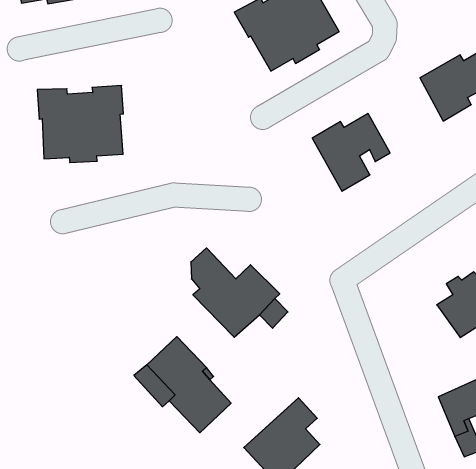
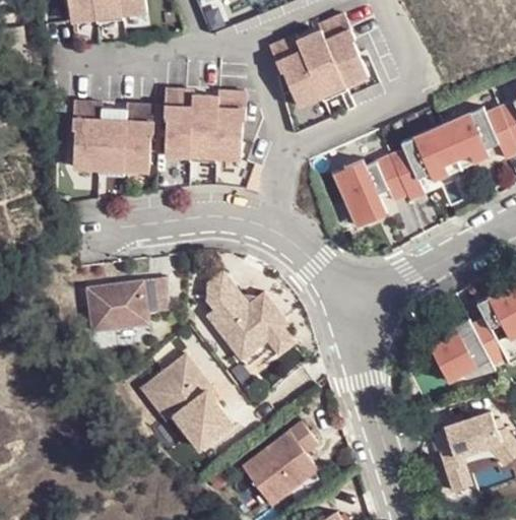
building: none -> [165,90,247,164]
building: none -> [389,127,460,202]
building: none -> [85,279,167,334]

